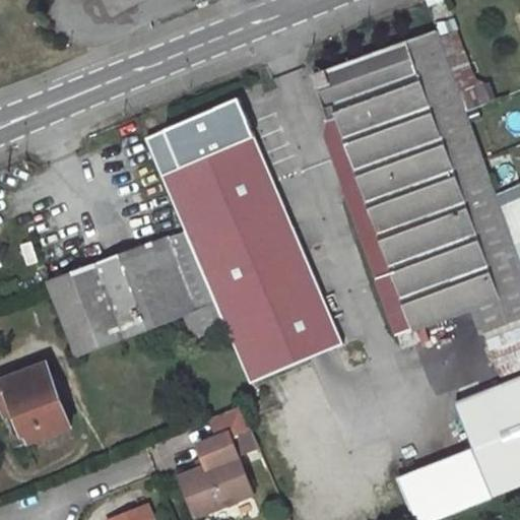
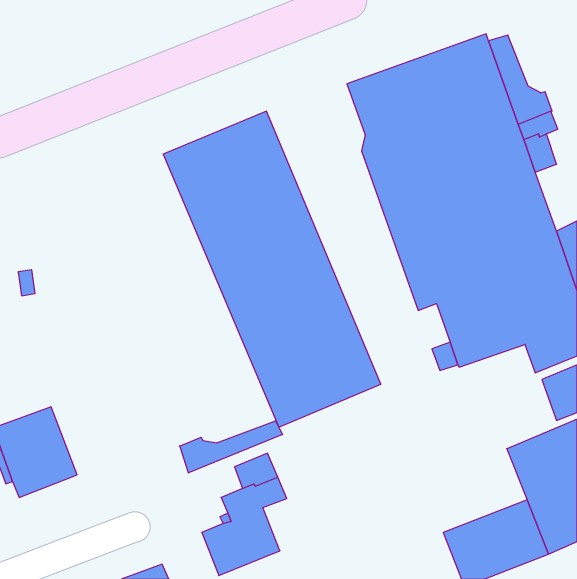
building: [48,232,224,354] -> none
building: none -> [179,421,283,473]

